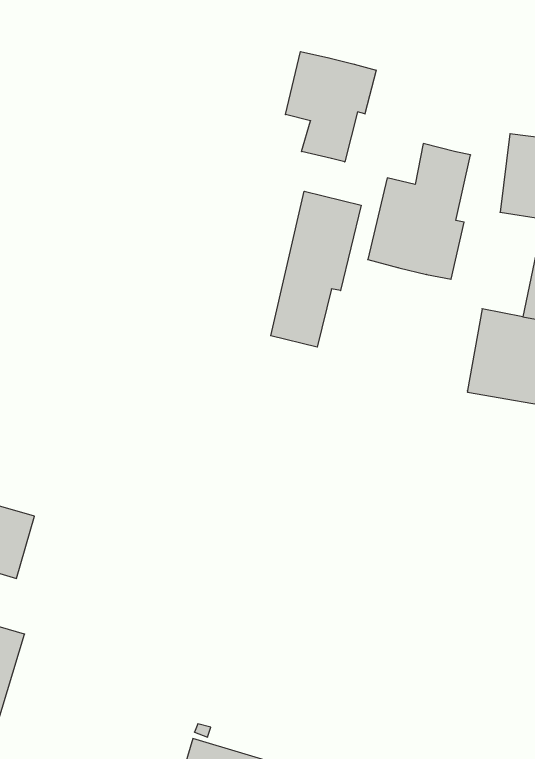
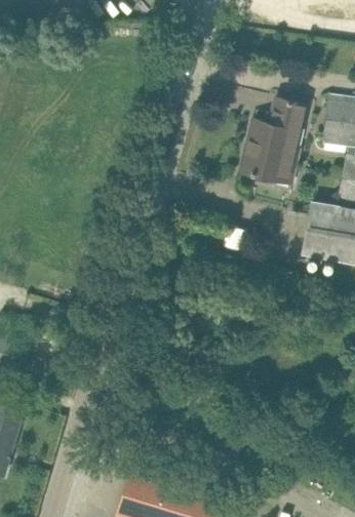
building: [285,52,376,162] -> none
building: [271,191,361,347] -> none

